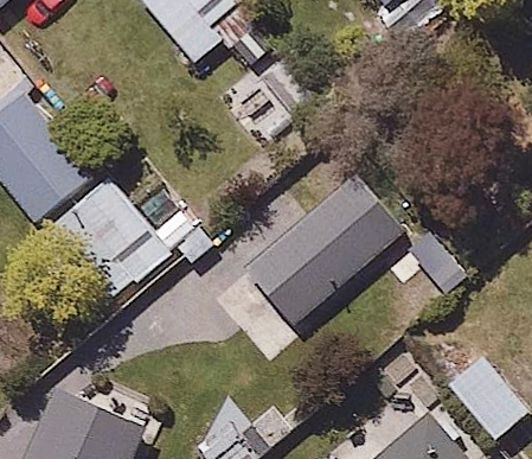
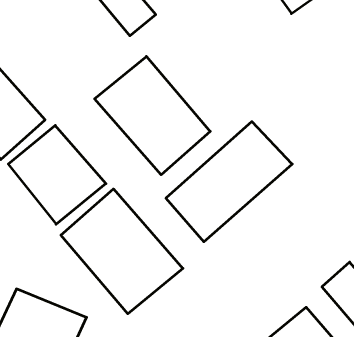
building: none -> [95,56,210,175]
building: none -> [61,189,183,314]

